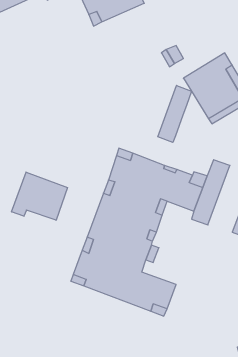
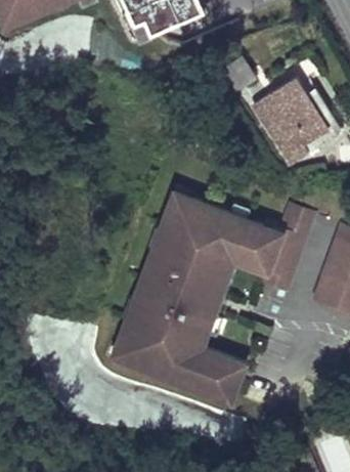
building: [158,85,191,142] -> none
building: [12,172,68,220] -> none

